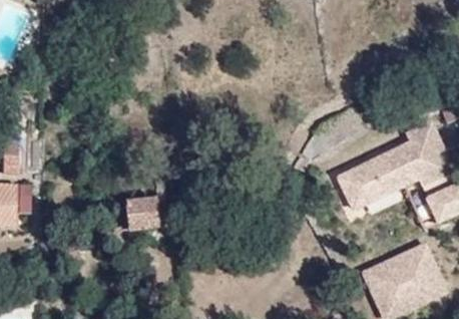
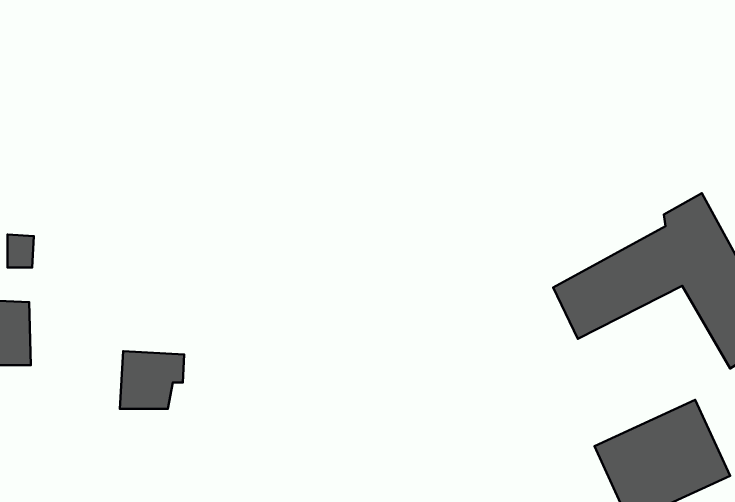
building: [125,197,164,232] -> [120,351,184,409]

